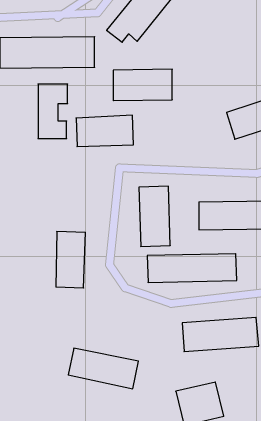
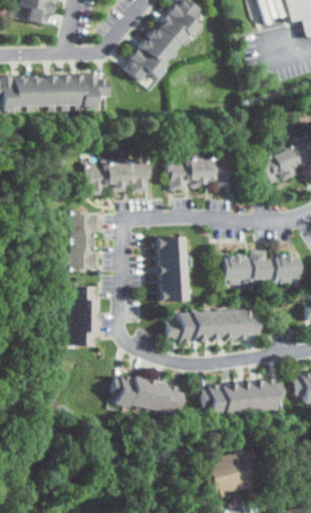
building: [113,69,172,101] -> [170,156,234,190]
building: [38,84,68,139] -> [69,211,101,271]
building: [68,348,138,389] -> [111,373,188,417]

